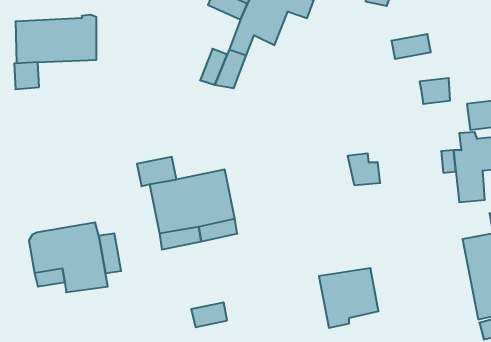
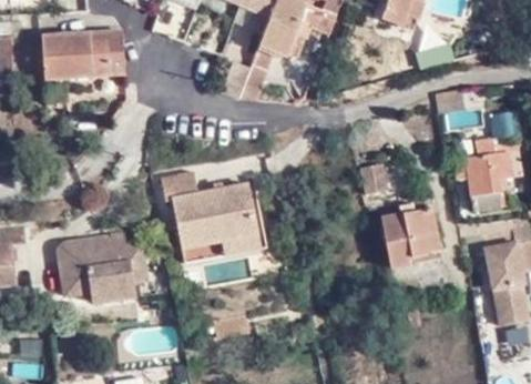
building: [319,268,379,328] -> [387,210,446,269]

